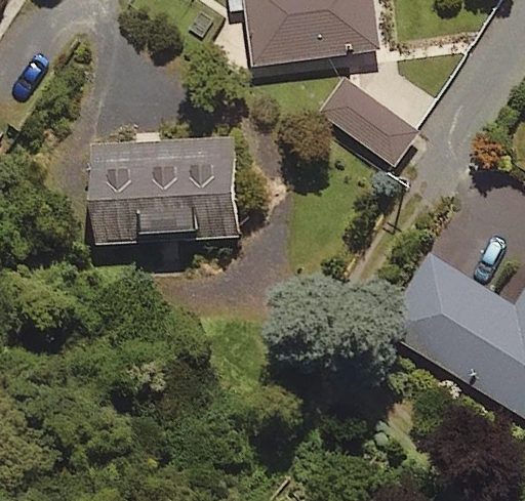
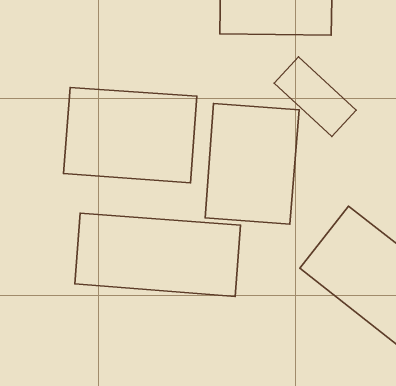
building: none -> [205,103,299,224]
building: none -> [75,213,240,296]

